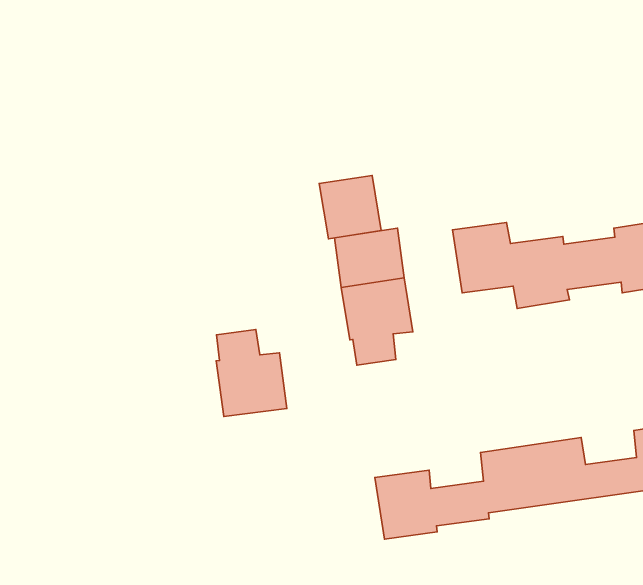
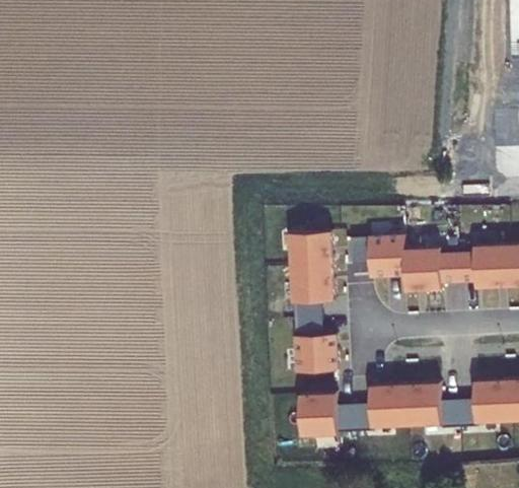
building: [319,175,381,239] -> none
building: [216,329,287,417] -> [293,318,337,373]

